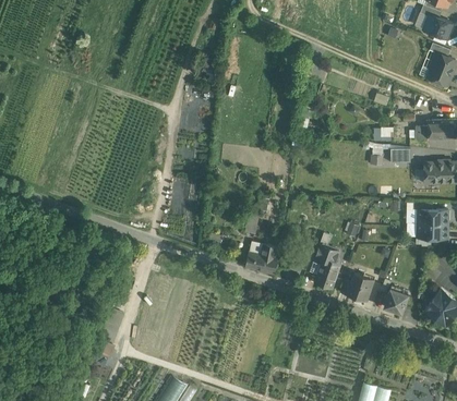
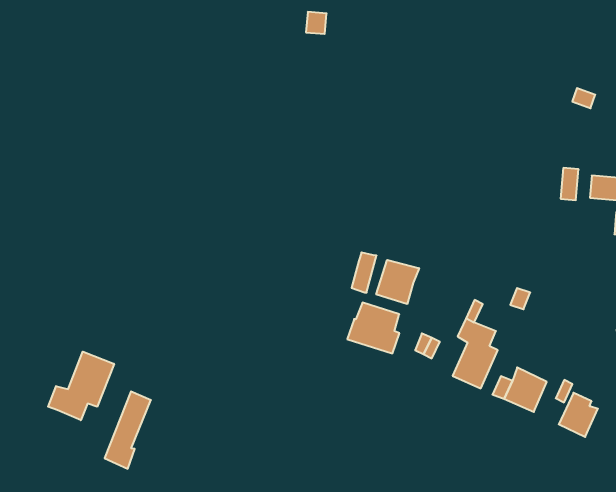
building: none -> [376,260,419,304]
building: none -> [48,352,114,420]

